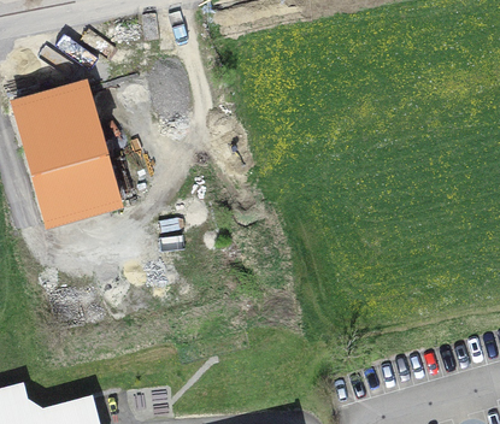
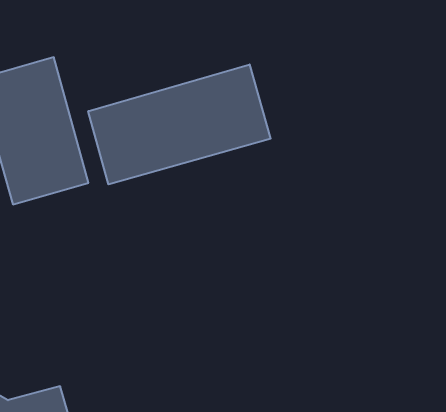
building: none -> [88,64,271,184]

